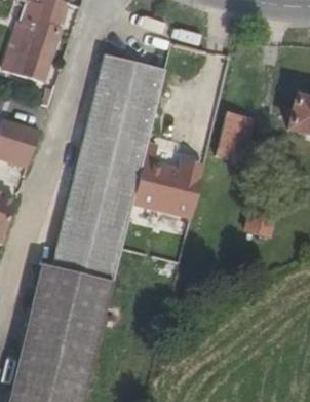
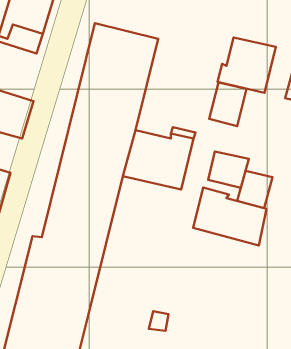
building: none -> [218,38,276,93]
building: none -> [208,151,249,188]
building: none -> [193,188,266,245]

